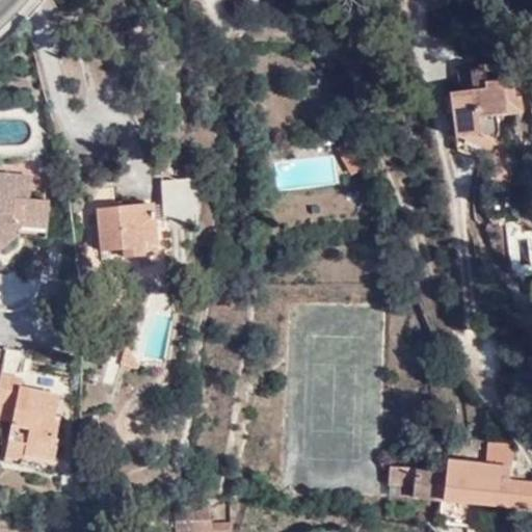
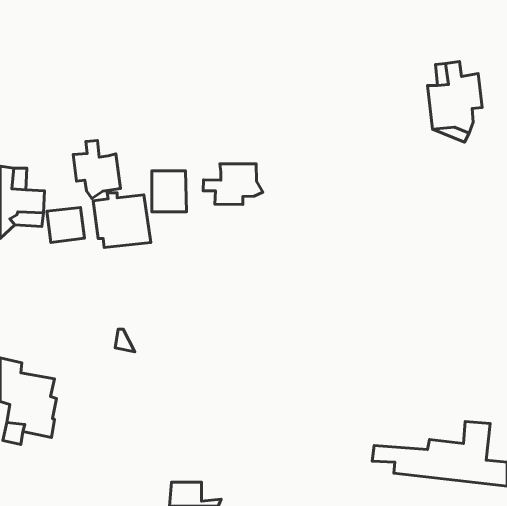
building: none -> [73,140,121,199]
building: none -> [203,164,263,204]
building: none -> [47,208,84,243]

